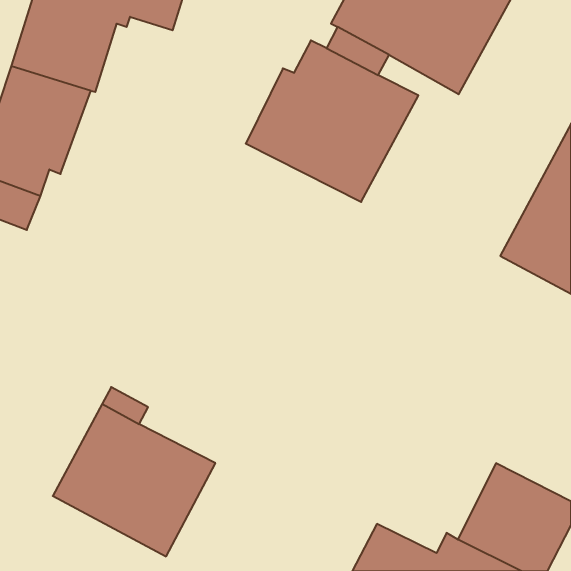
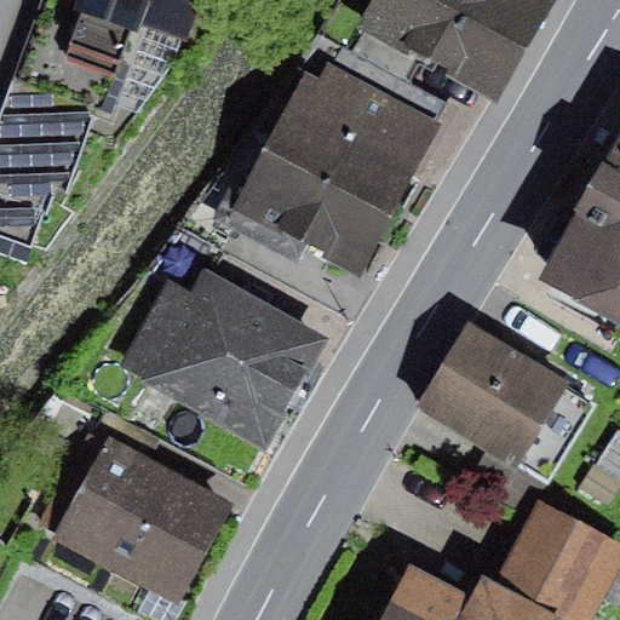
building: none -> [213,155,390,275]
building: none -> [121,271,327,450]
building: none -> [420,323,591,480]

